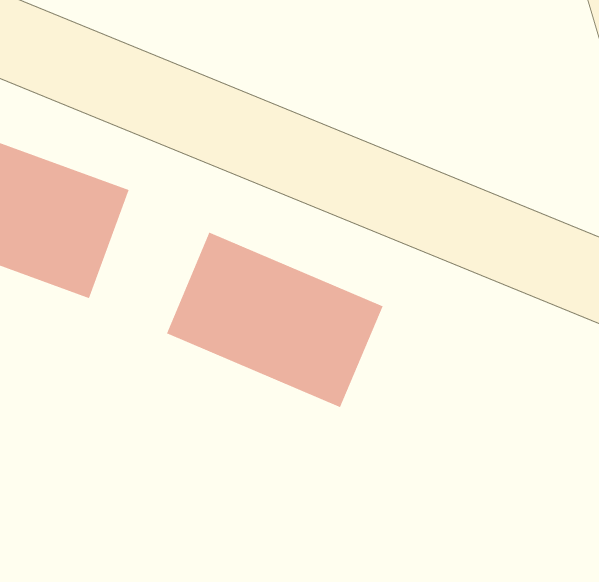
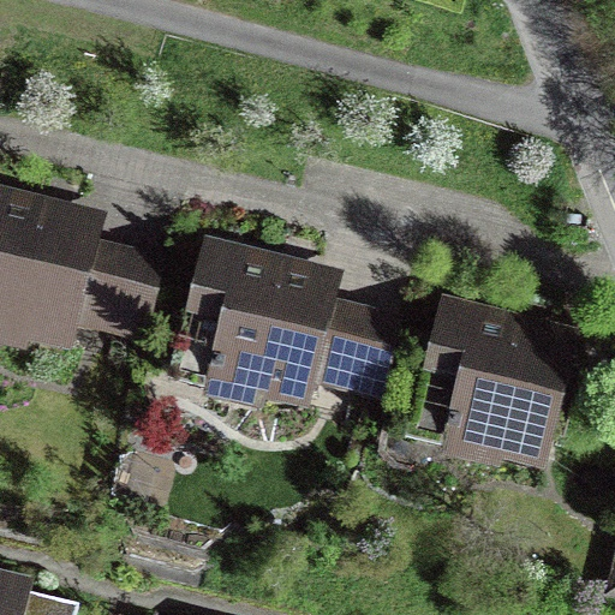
building: none -> [413,312,574,437]

